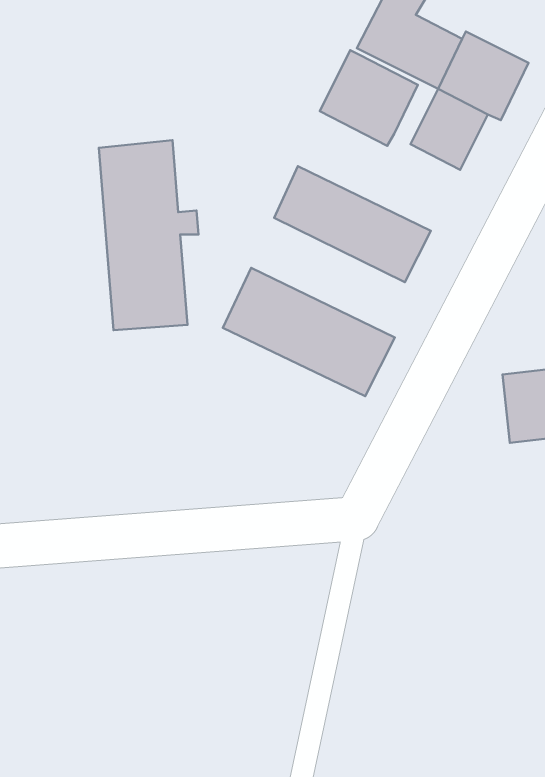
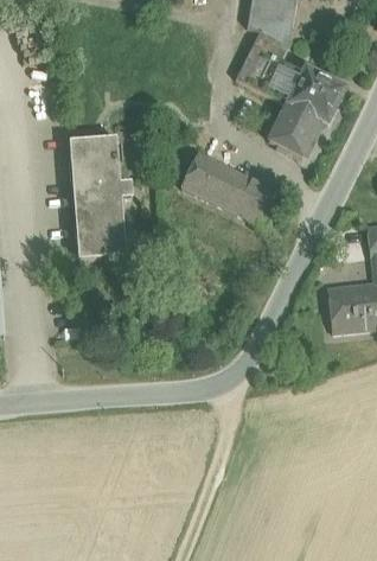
building: [320,50,418,146] -> none
building: [223,268,395,396] -> none

